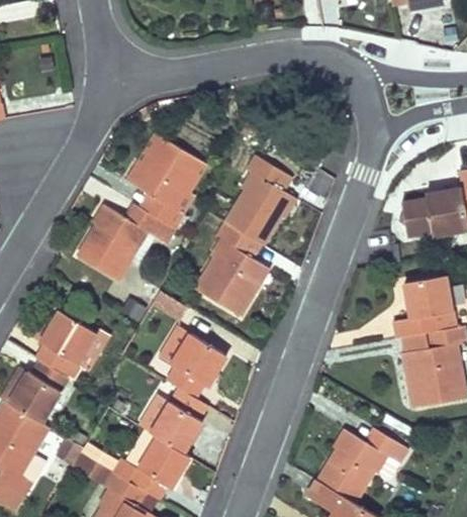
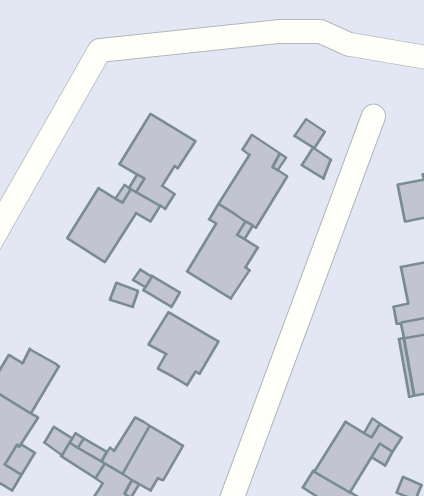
building: [39,312,98,376] -> none
building: [153,388,206,450] -> none

